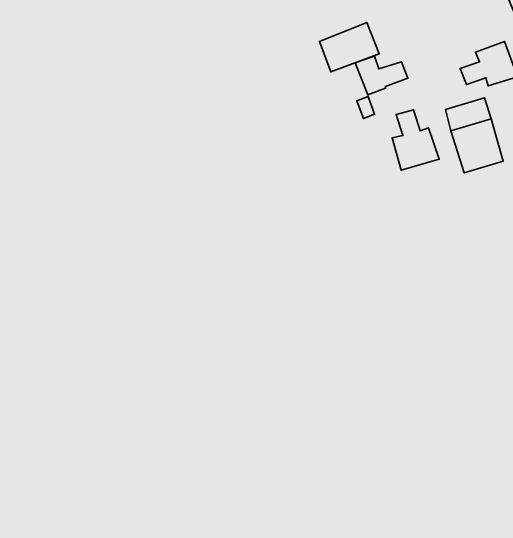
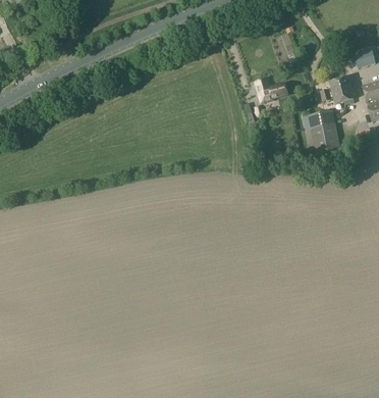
building: [319,22,379,72] -> none
building: [392,110,439,170] -> none

